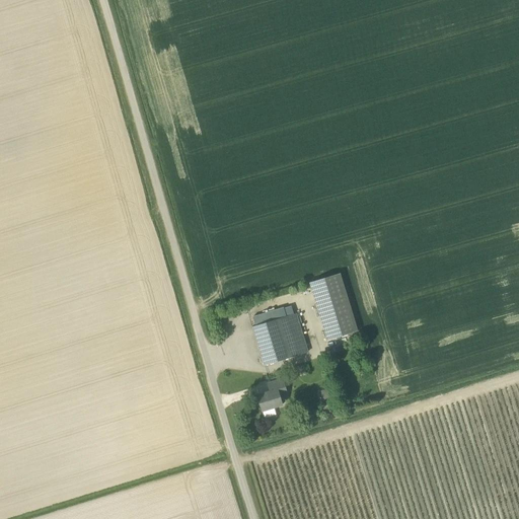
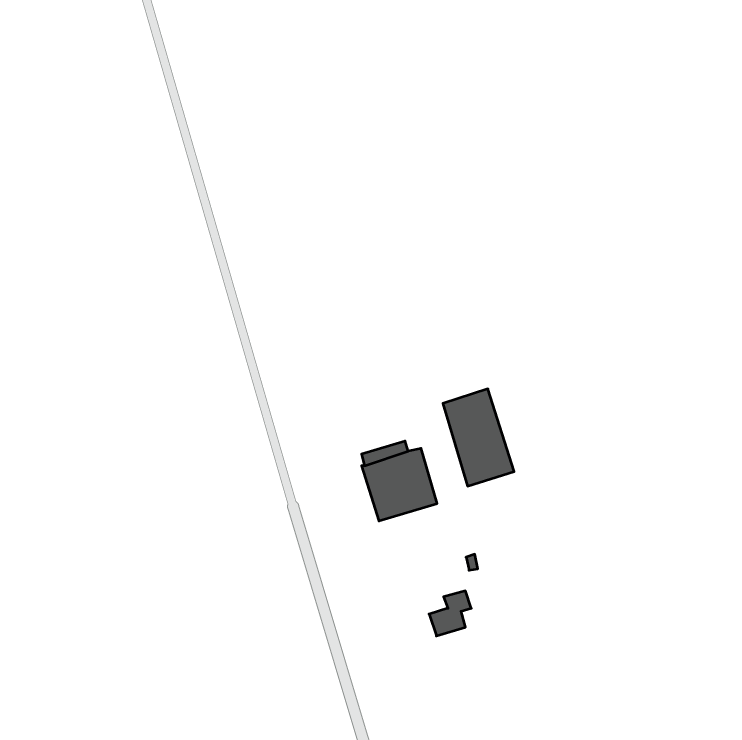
building: [257,378,287,410] -> [429,591,471,636]

